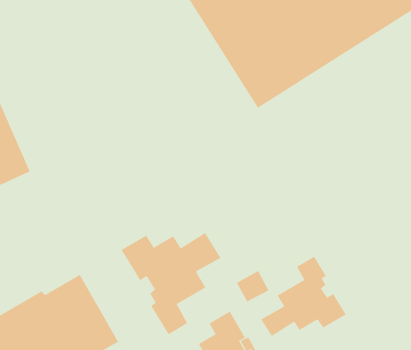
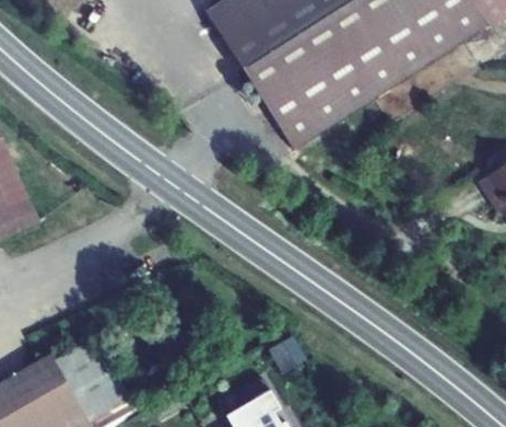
building: [121,232,221,335] -> none
building: [261,256,346,337] -> none

